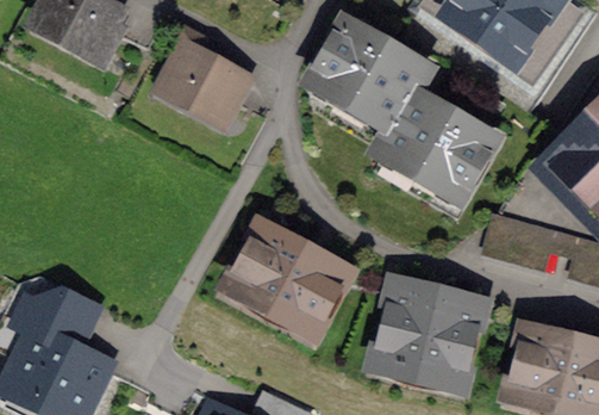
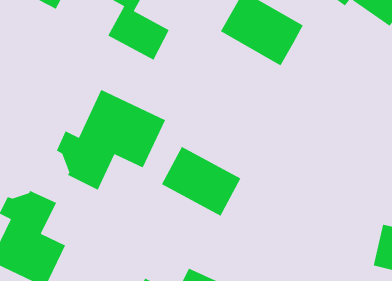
building: [379,95,491,196] -> none
building: none -> [56,89,166,191]
building: [381,289,475,380] -> none

